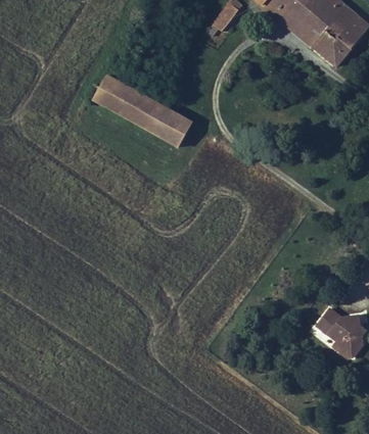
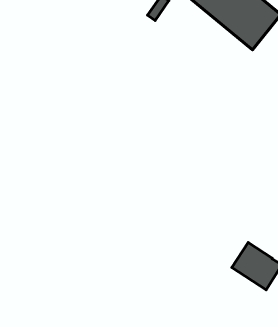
building: [91,76,192,146] -> none

